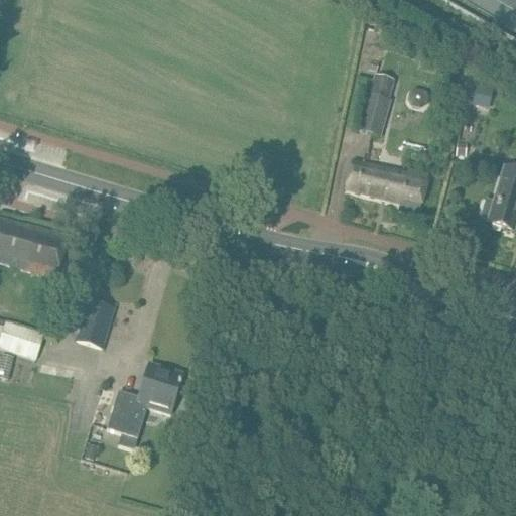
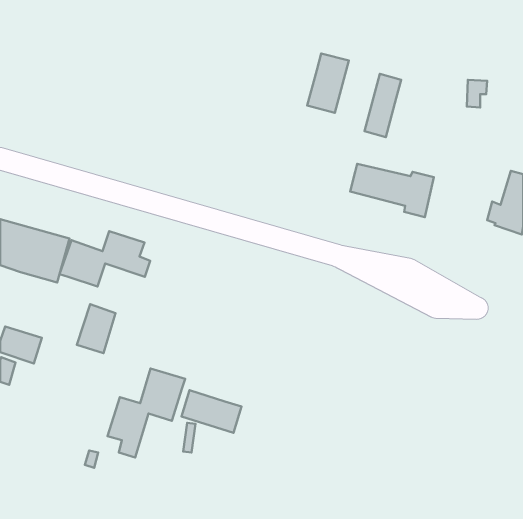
building: none -> [307,53,349,113]
building: none -> [60,231,150,287]
building: none -> [182,390,241,433]

